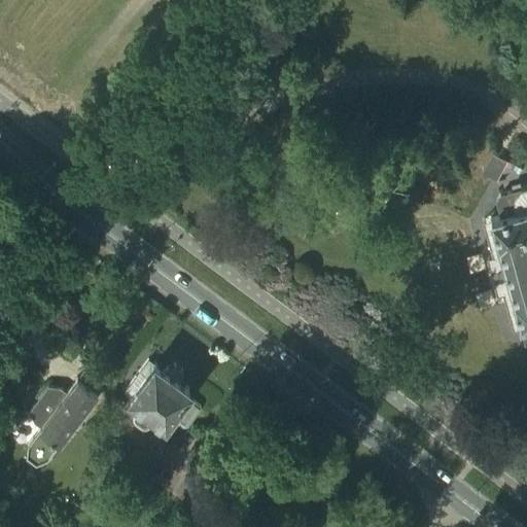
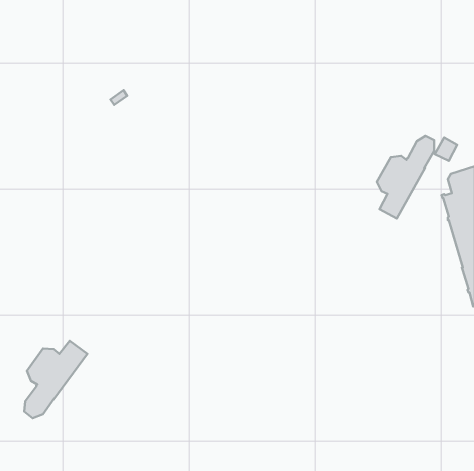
building: none -> [377,136,434,219]
building: [125,362,202,433] -> none

